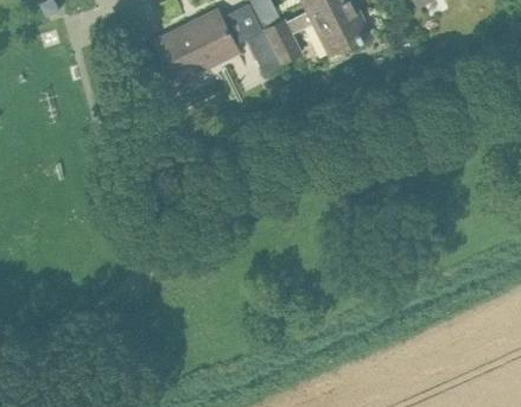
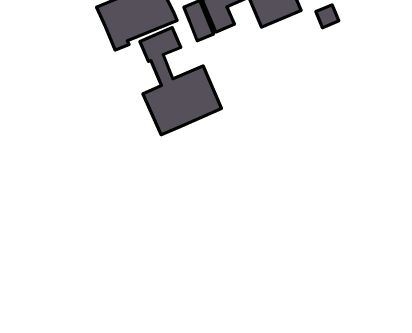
building: none -> [140,27,222,135]

